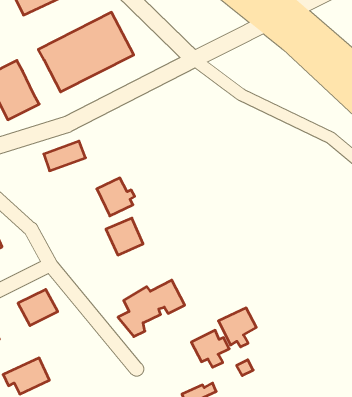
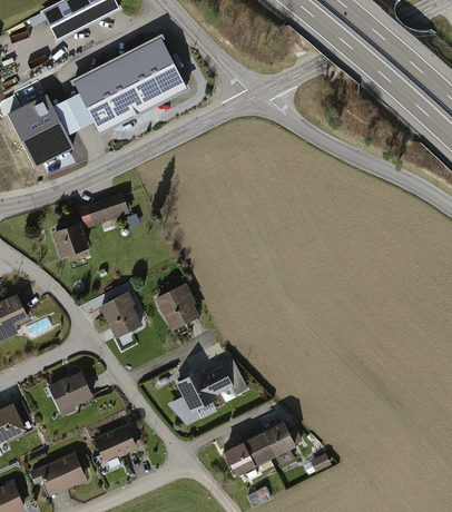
building: none -> [53,93,94,135]
building: none -> [51,221,88,256]
building: [97,178,135,216] -> [100,292,146,337]
building: [218,308,256,347] -> [223,433,268,480]
building: none -> [94,425,138,467]

